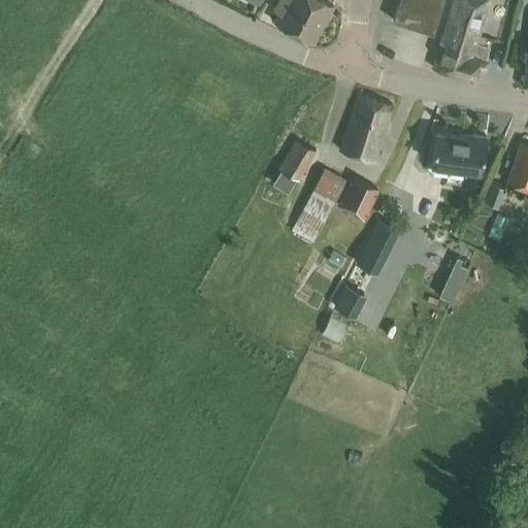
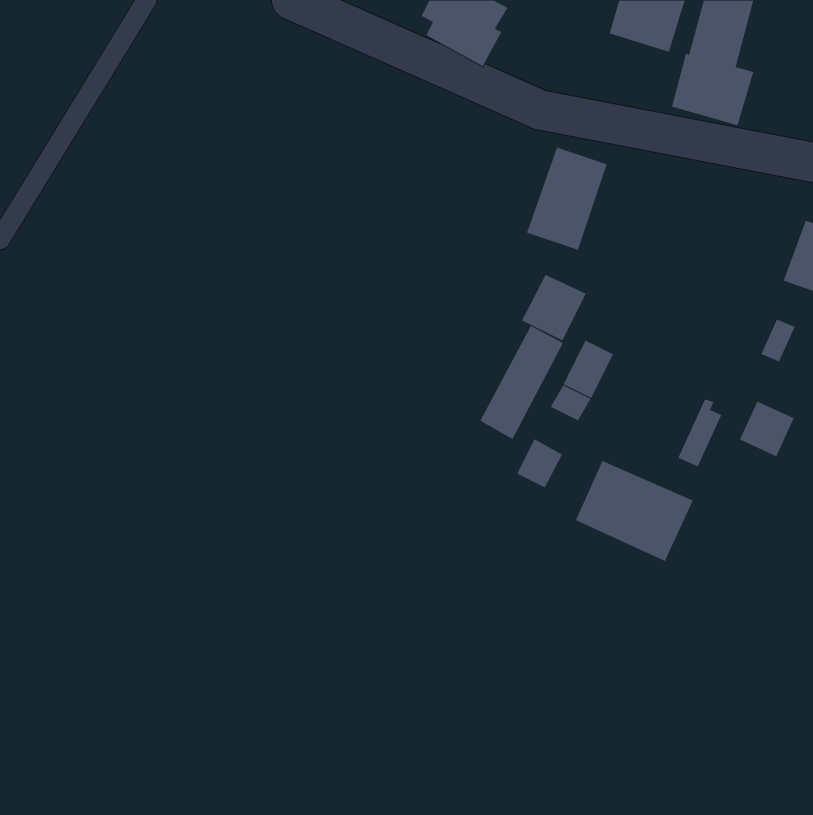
building: [432,132,488,171] -> none
building: [279,139,317,180] -> none
building: [292,169,346,243] -> [479,325,564,440]
building: none -> [739,401,794,457]
building: none -> [575,460,693,562]

